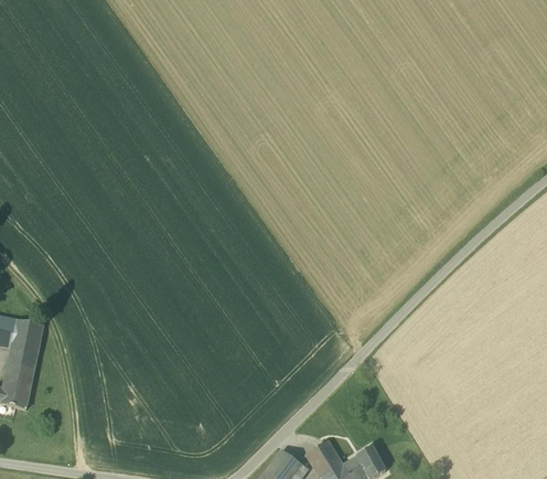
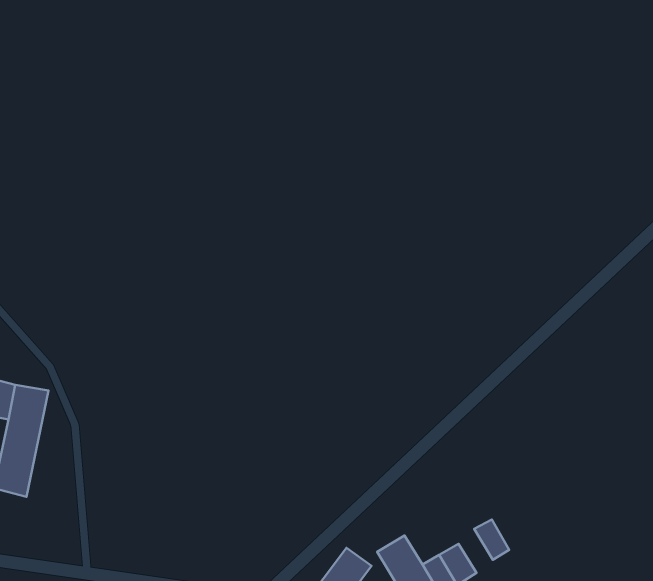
building: none -> [474,519,509,560]

